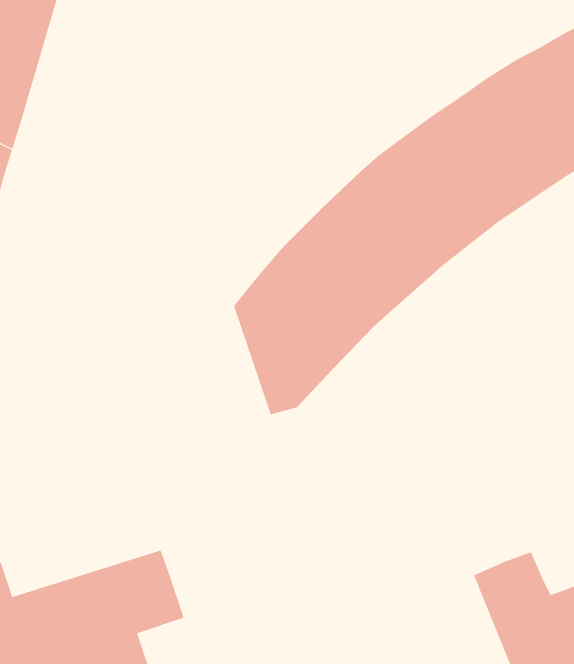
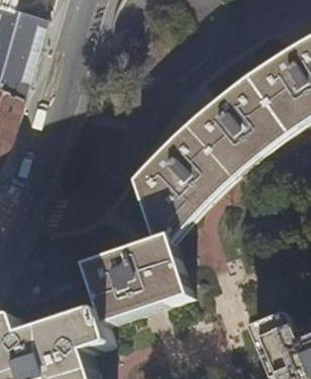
building: none -> [83,233,186,321]

